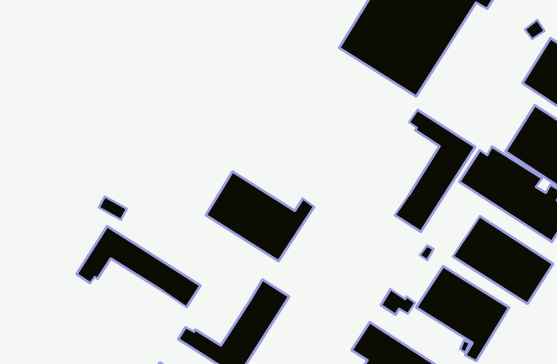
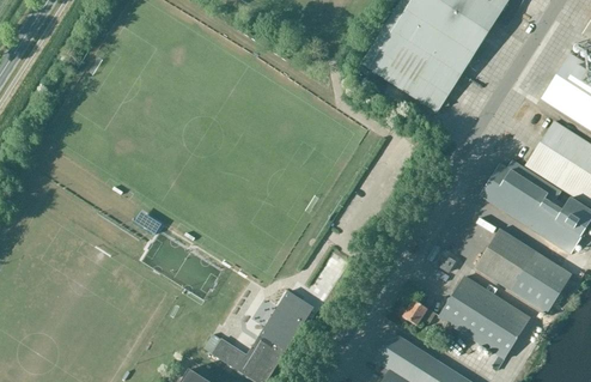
building: [395,110,475,232] -> none
building: [206,171,314,261] -> none
building: [76,226,200,307] -> none

